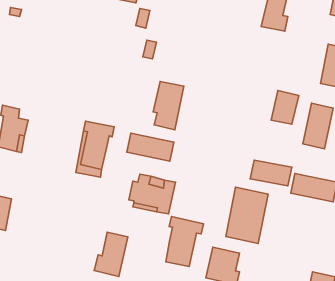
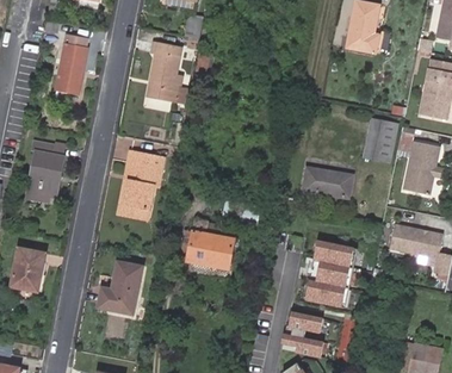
building: none -> [60,43,91,91]
building: [153,81,184,130] -> [153,51,190,110]
building: [127,133,174,161] -> none
building: [250,160,292,186] -> [308,169,358,200]
building: [166,217,203,267] -> none
building: [94,232,128,276] -> [105,262,145,316]

